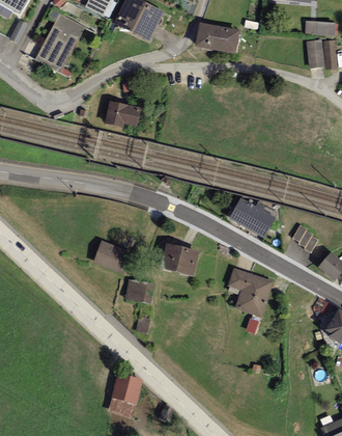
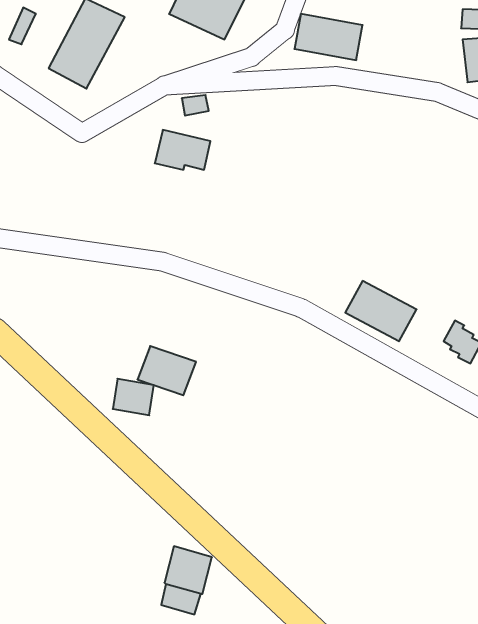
building: [162,244,199,276] -> none
building: [228,268,274,318] -> none
building: [126,279,153,303] -> [113,379,154,415]

